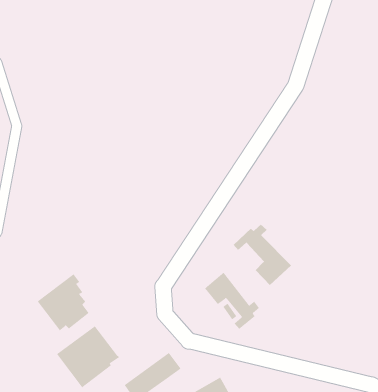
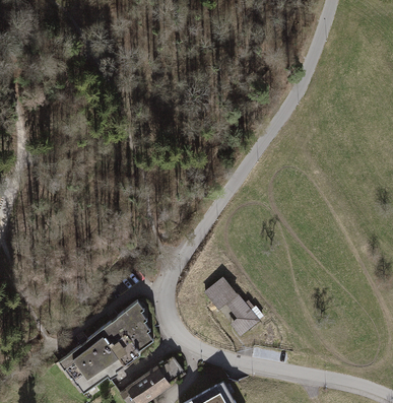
building: [233,224,292,286] -> none
building: [37,274,89,331] -> [97,303,149,359]

